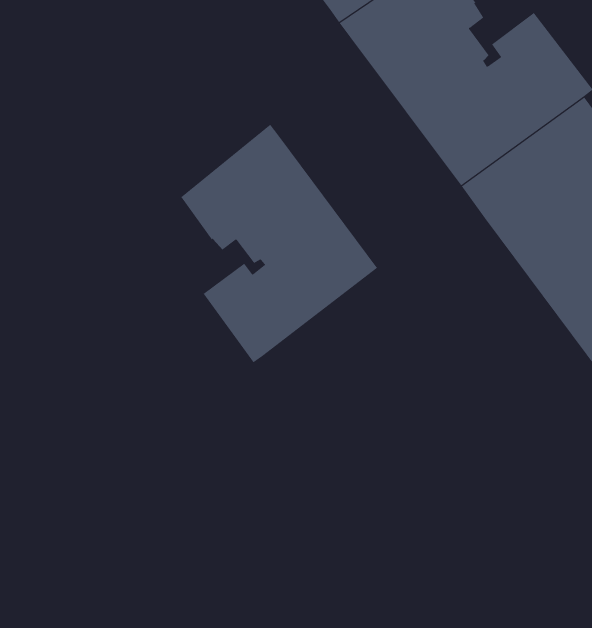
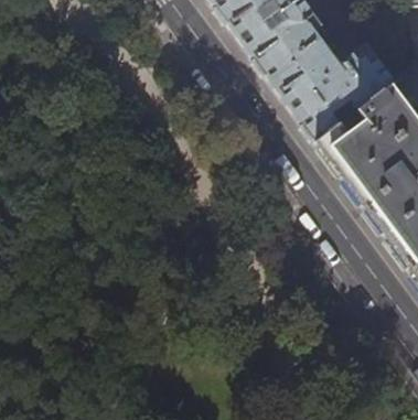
building: [181,124,378,363] -> none

